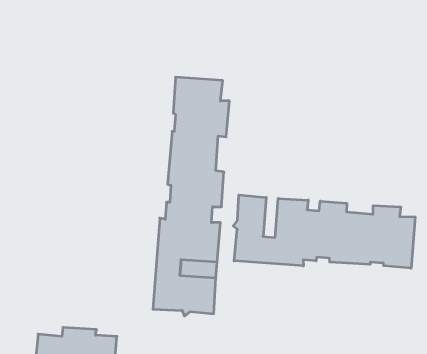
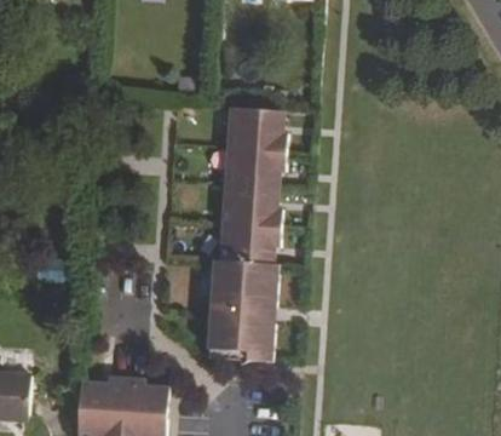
building: [233,195,415,268] -> none

